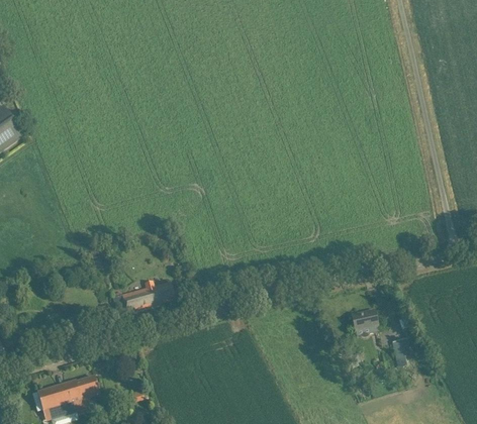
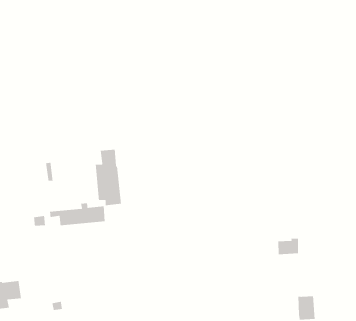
building: none -> [95,149,122,206]
building: [351,309,376,331] -> [277,238,299,255]

